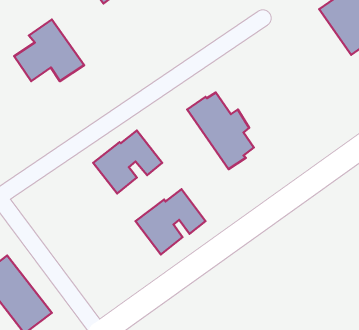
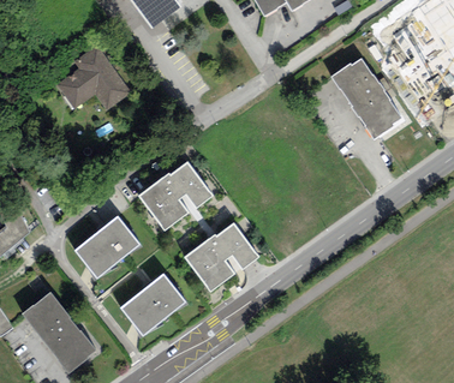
building: [187,92,254,169] -> [331,58,401,138]
building: none -> [74,216,139,279]
building: none -> [120,274,186,336]

